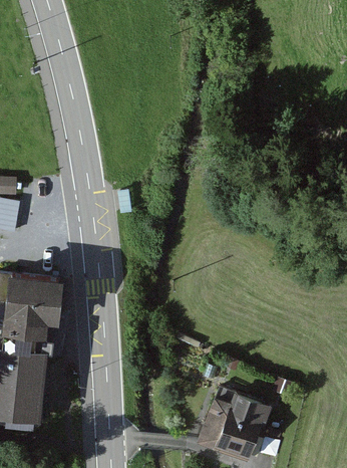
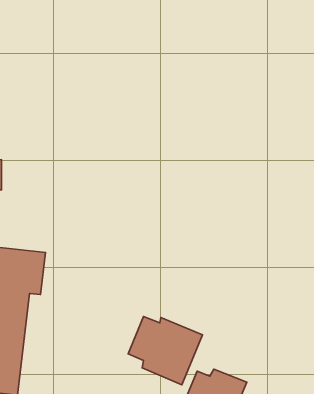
building: none -> [128,316,202,385]

